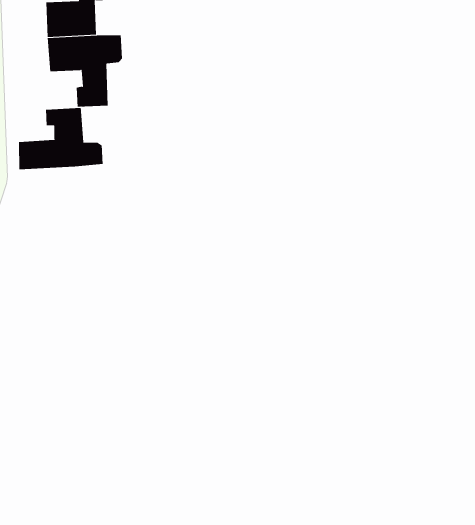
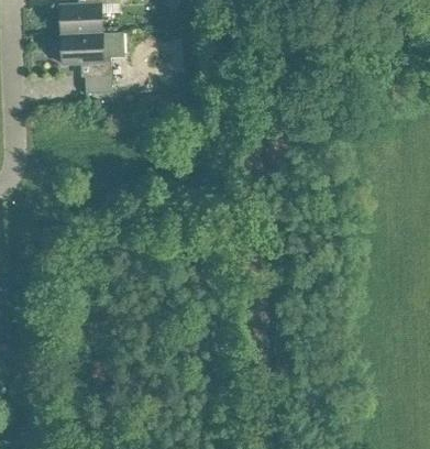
building: [18,107,103,170] -> none

